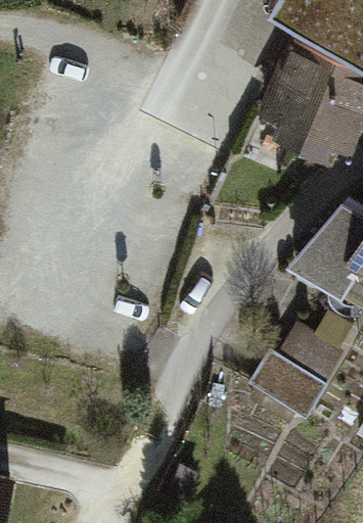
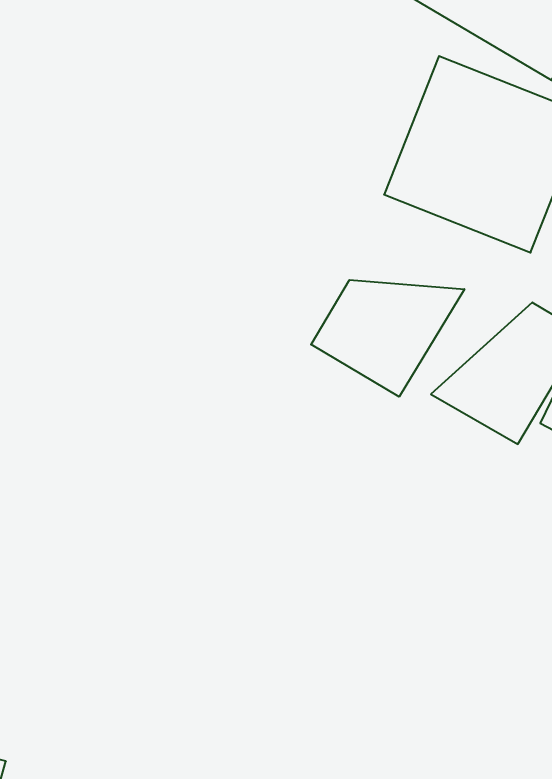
building: none -> [311,280,464,397]
building: [269,306,353,406] -> none

